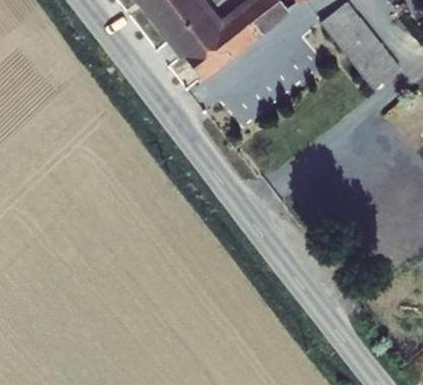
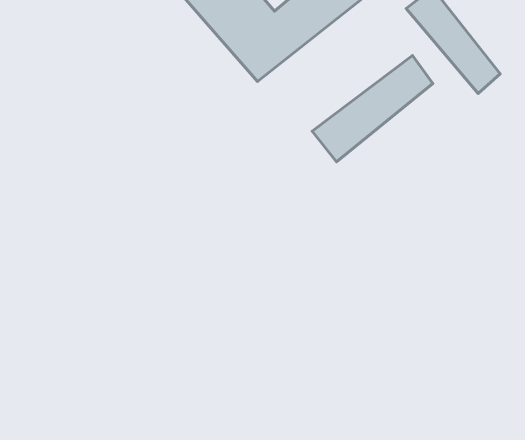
building: none -> [312,56,433,162]

